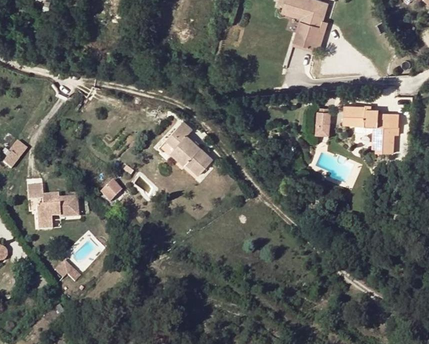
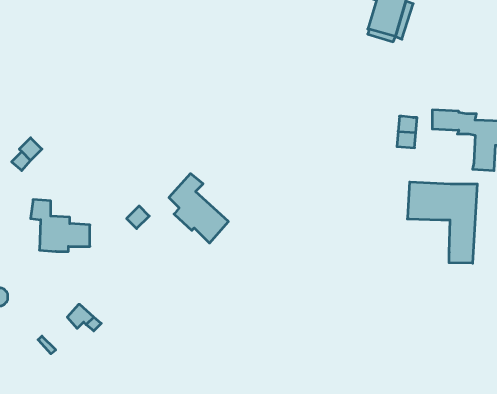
building: [166,121,213,176] -> [169,174,228,243]
building: none -> [407,182,477,263]

